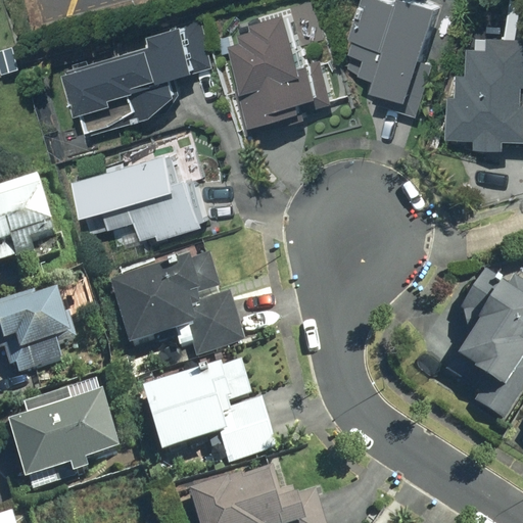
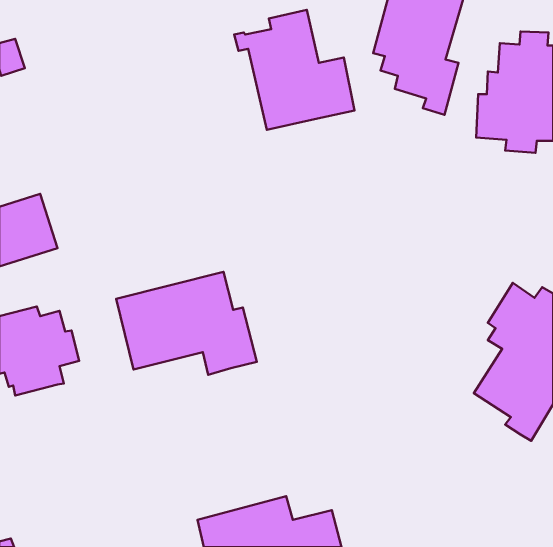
building: [67,21,216,128] -> none
building: [75,149,208,246] -> none
building: [139,363,274,459] -> none
building: [6,384,113,480] -> none

